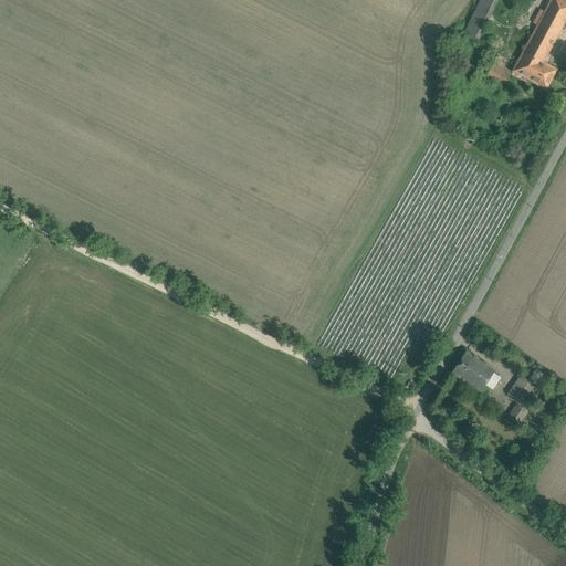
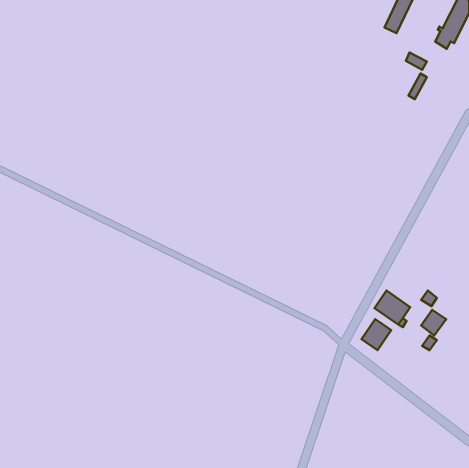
building: [513,50,556,86] -> none
building: none -> [361,319,391,350]

